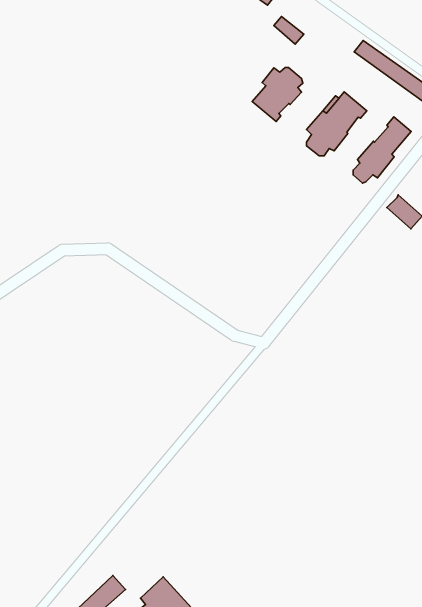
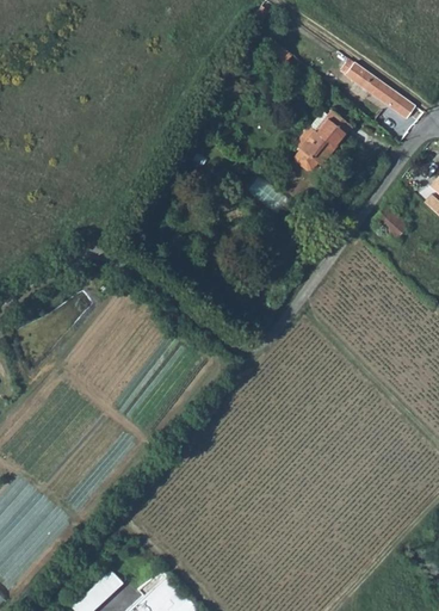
building: [252,68,303,122] -> none
building: [353,117,411,183] -> none

